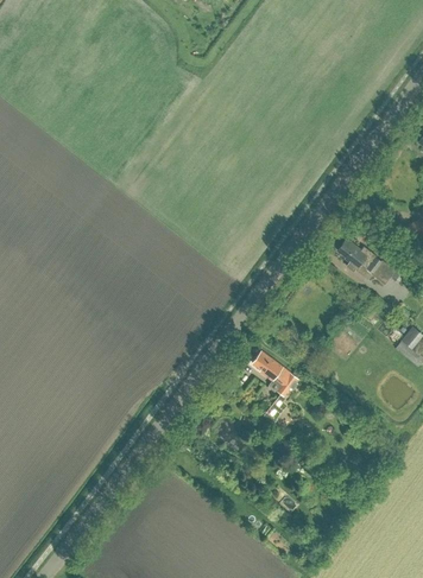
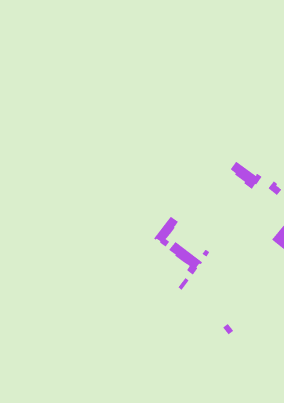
building: none -> [153,216,179,248]

